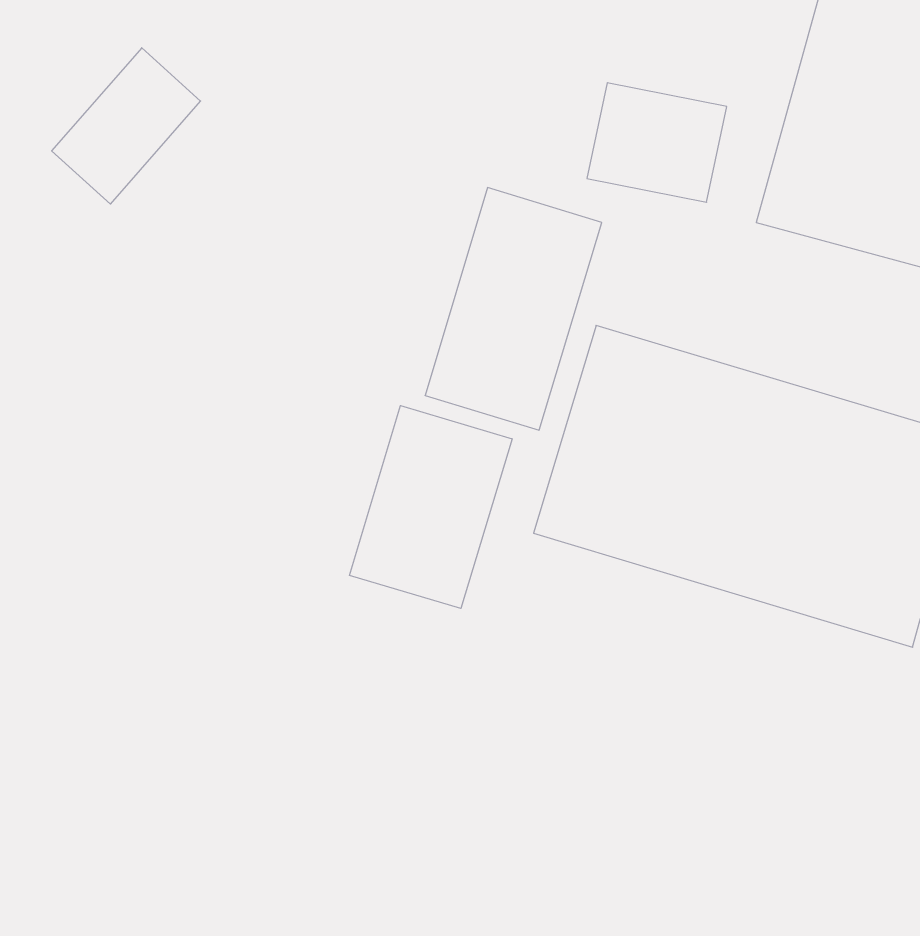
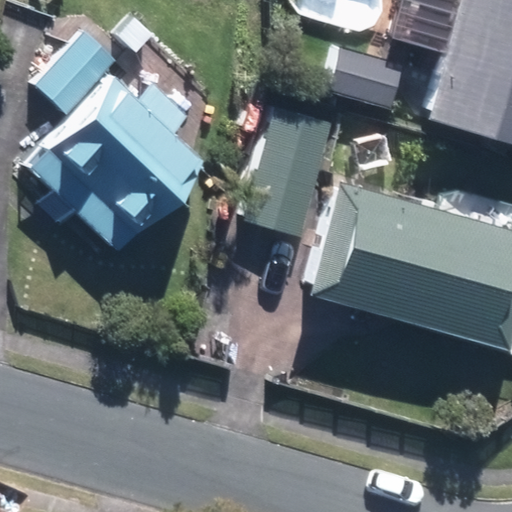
building: none -> [26,59,219,253]
building: [349,406,512,608] -> none

